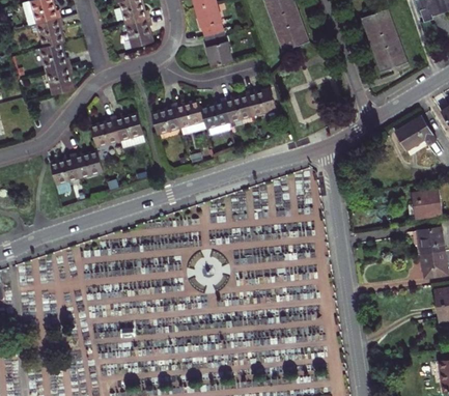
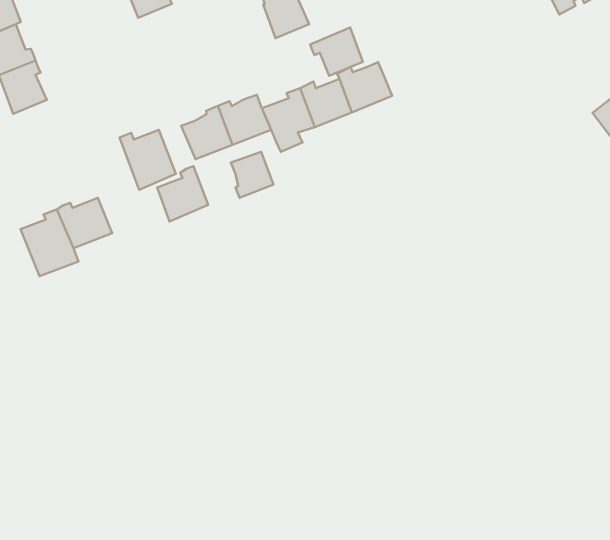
building: none -> [310,27,363,76]
building: [91,116,120,147] -> [157,166,208,221]
building: none -> [231,152,273,198]

